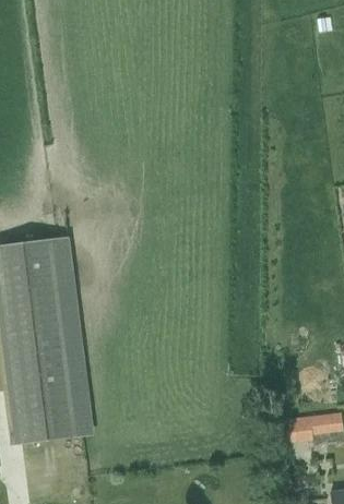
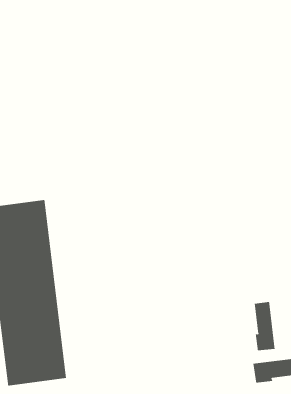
building: none -> [254,301,275,351]

